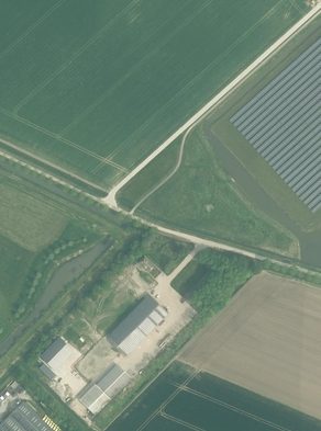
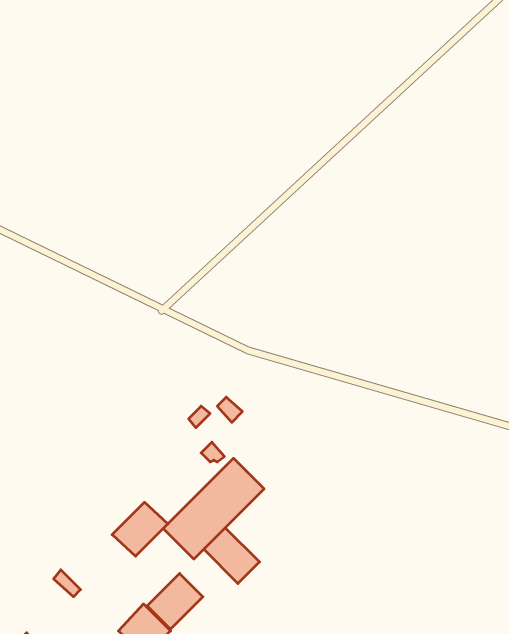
building: [38,337,73,370] -> [112,502,168,556]
building: none -> [204,528,260,584]

